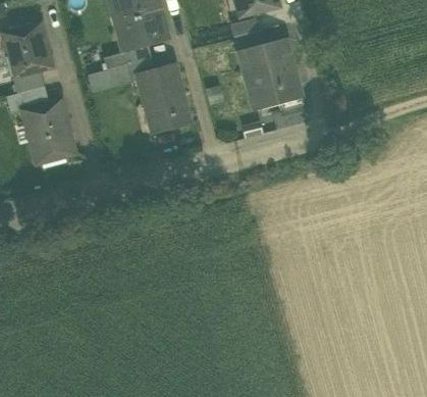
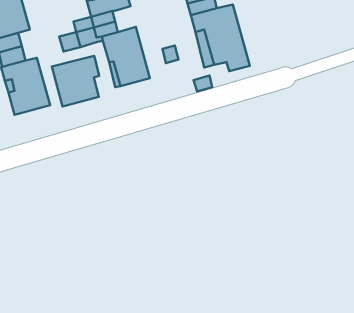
building: none -> [52,56,99,107]

